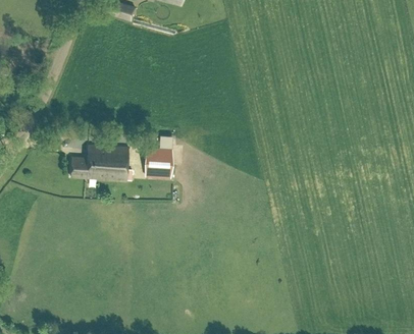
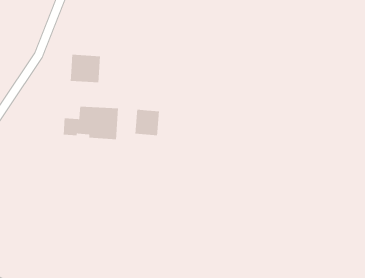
building: none -> [70,54,101,83]

